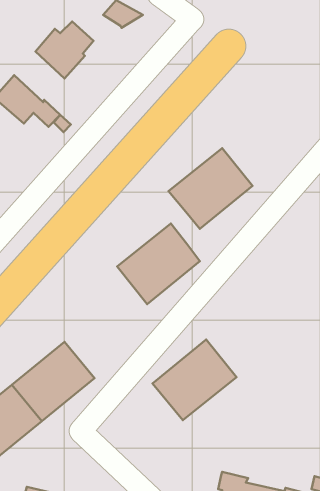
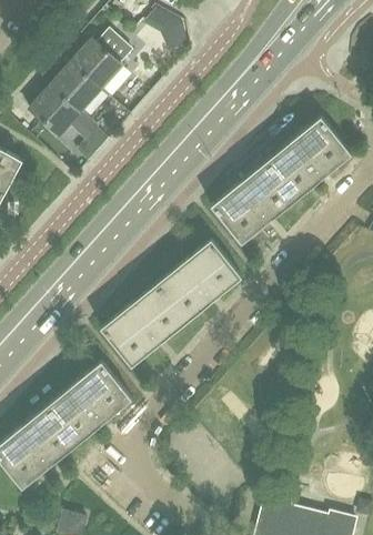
building: none -> [50,62,102,114]
building: none -> [265,117,352,201]
building: [153,340,236,420] -> [101,284,188,367]

